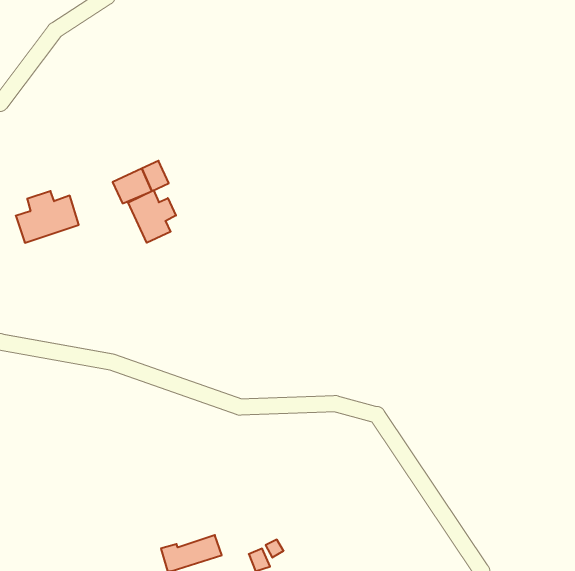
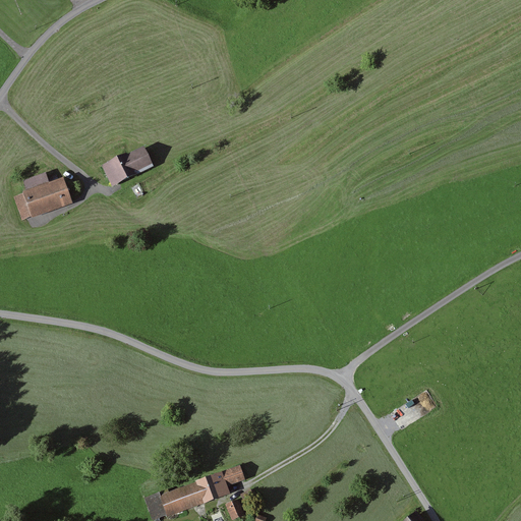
building: [128,190,176,243] -> none
building: none -> [194,465,245,503]

